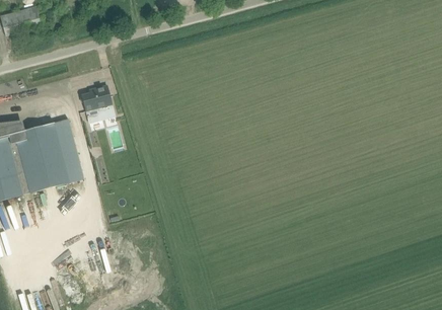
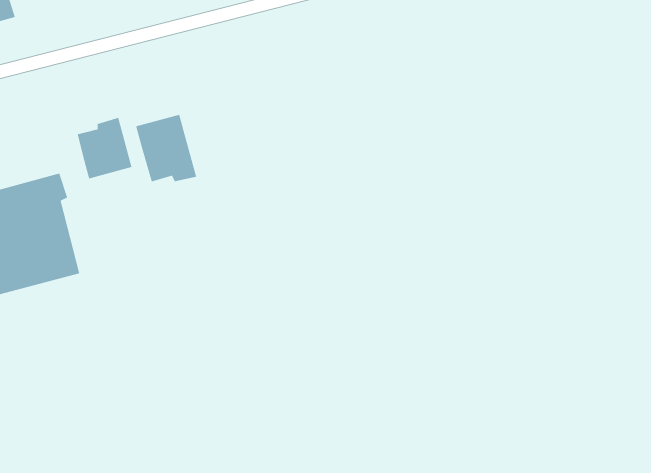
building: none -> [135,114,197,183]

